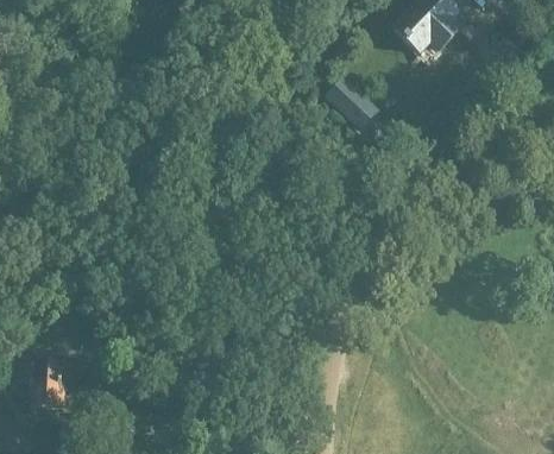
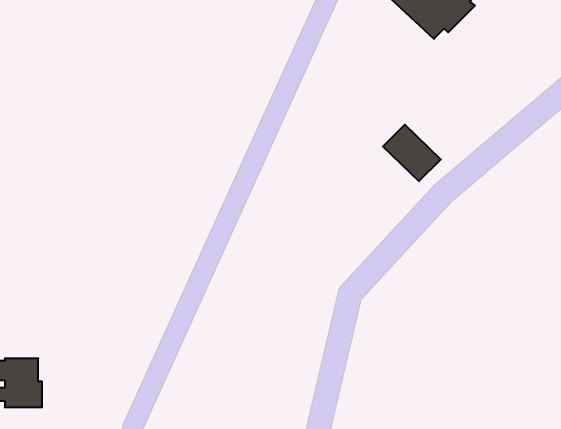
building: [328,77,382,130] -> [383,125,441,181]

